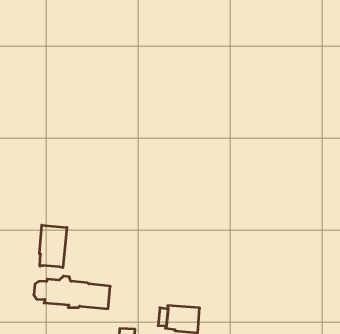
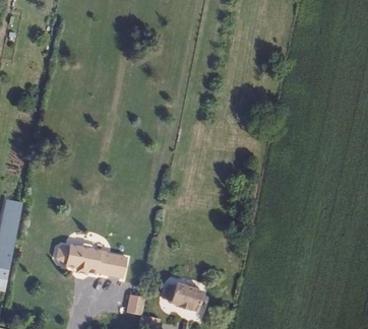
building: [39,225,67,268] -> none

